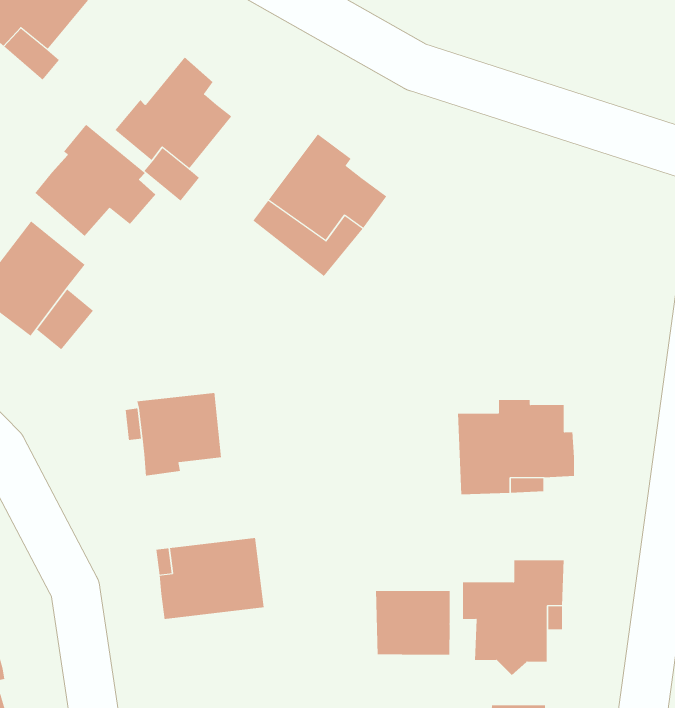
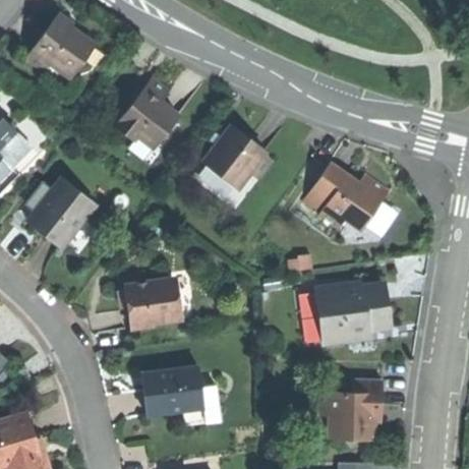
building: [35,124,156,237] -> none
building: none -> [306,166,390,233]
building: [376,590,450,656] -> none

